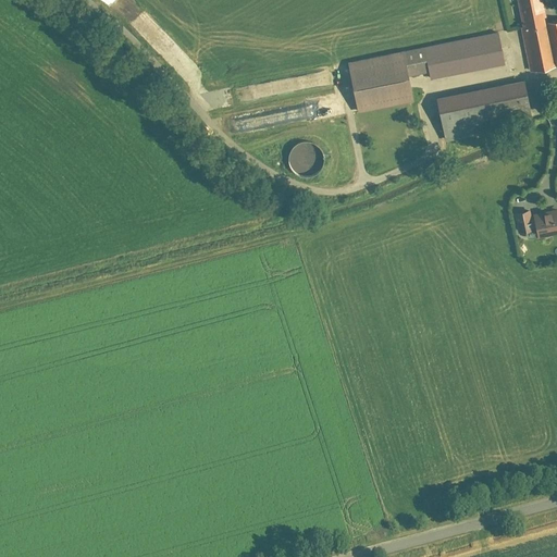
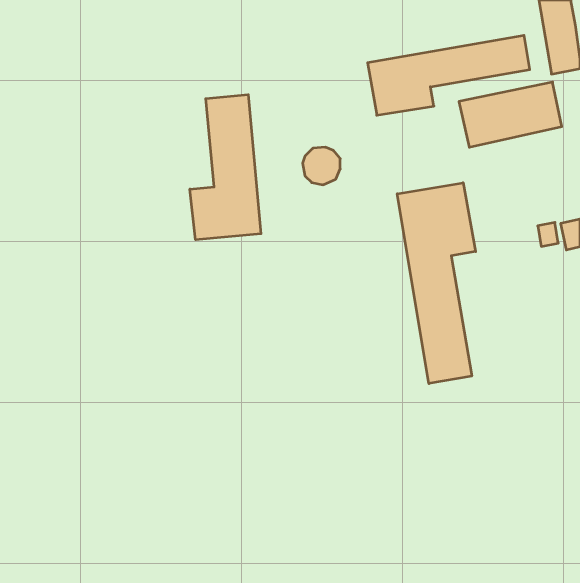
building: none -> [190,95,261,240]
building: none -> [397,183,476,384]

